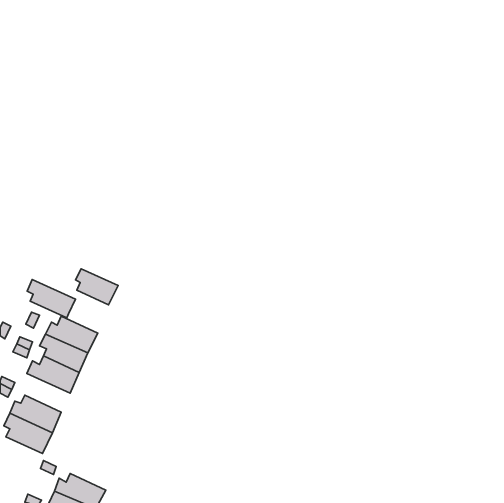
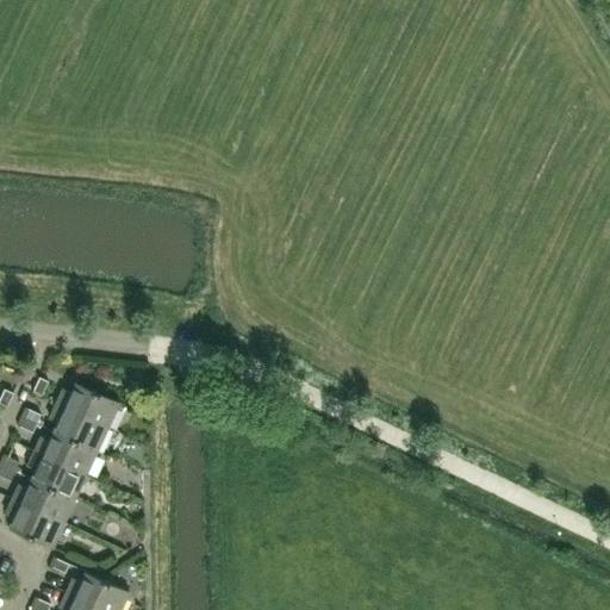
building: [76,269,118,305] -> none
building: [27,279,76,318] -> [27,453,86,499]

